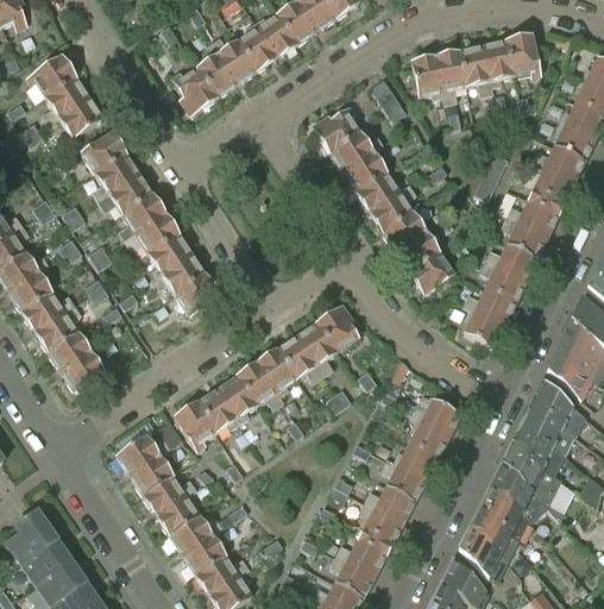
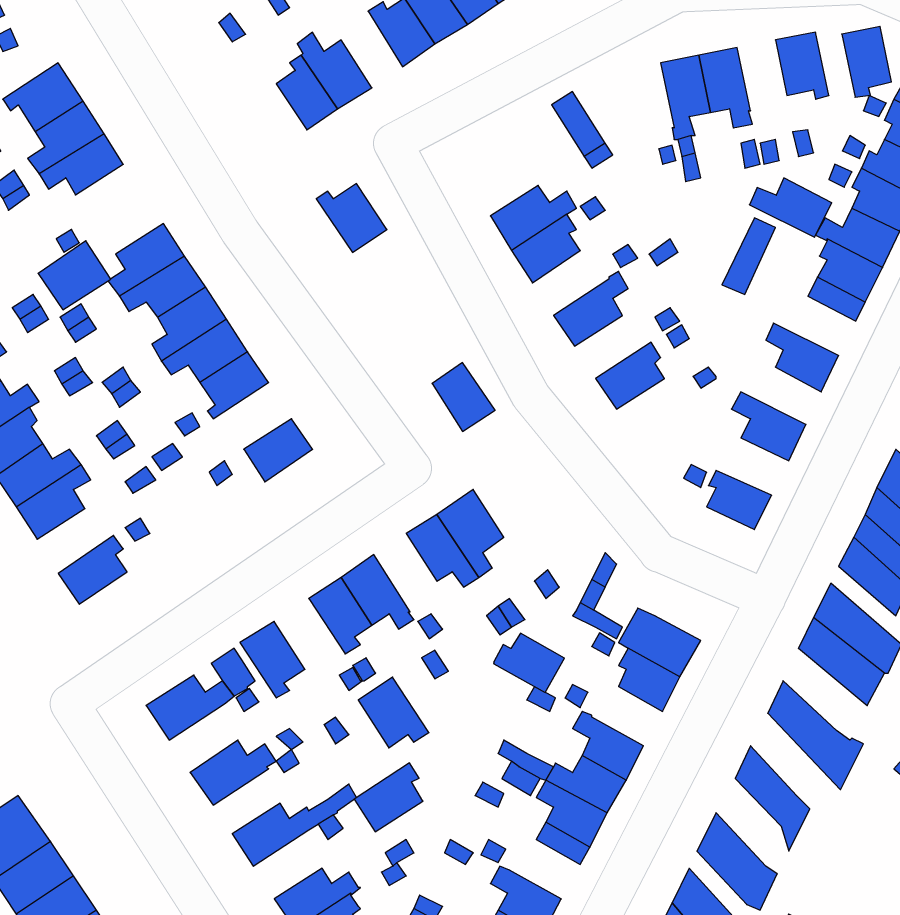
building: [238,24,276,71] -> none
building: [484,42,515,86] -> [842,26,891,97]
building: [413,56,445,99] -> none
building: [172,69,216,112] -> [316,184,387,252]
building: [316,108,360,151] -> none
building: [82,132,127,175] -> [38,241,111,310]
building: [357,172,404,213] -> none
building: [507,201,558,238] -> [749,178,832,237]
building: [383,213,430,252] -> none
building: [486,245,536,281] -> none
building: [409,252,453,294] -> none
building: [152,255,207,296] -> none
building: [464,289,516,325] -> none
building: [320,308,359,351] -> [432,363,495,431]
building: [49,333,96,373] -> none
building: [258,349,297,397] -> none
building: [196,389,240,433] -> [358,677,429,748]
building: [512,420,565,477] -> none
building: [394,444,438,481] -> [494,633,564,692]
building: [131,454,178,497] -> none
building: [492,460,548,522] -> none
building: [158,495,200,535] -> none
building: [471,501,516,560] -> none
building: [183,533,226,576] -> [354,763,423,832]
building: [336,539,386,576] -> none

